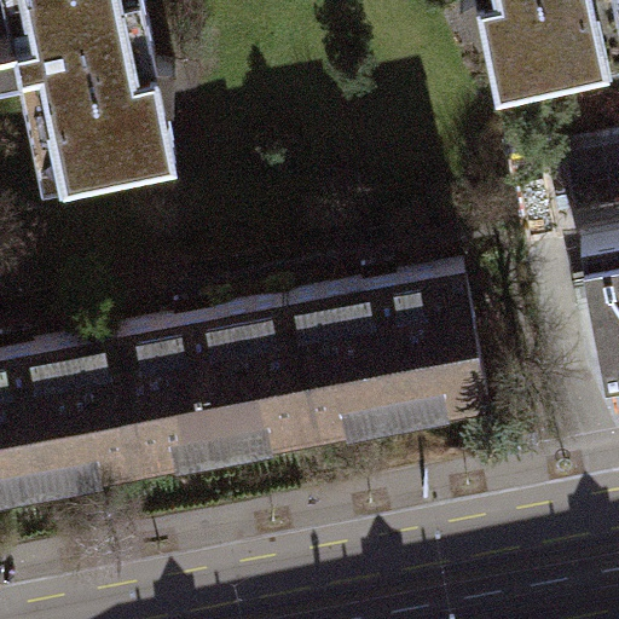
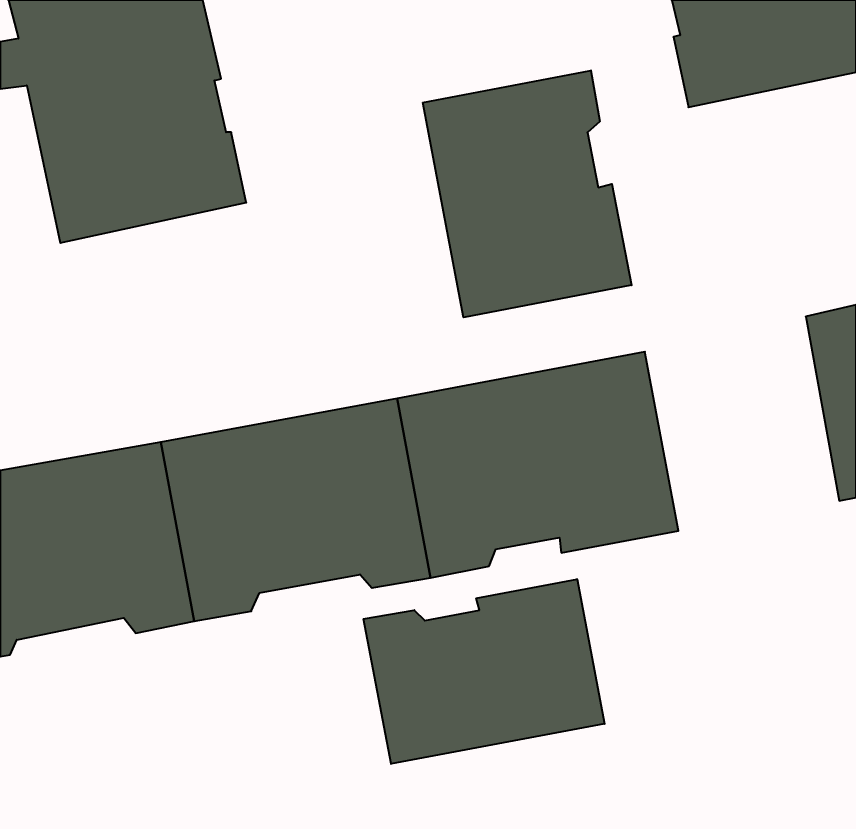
building: none -> [423,70,632,317]
building: none -> [364,579,605,764]

